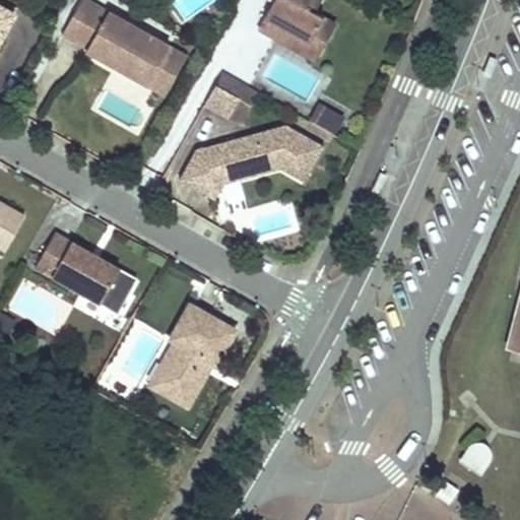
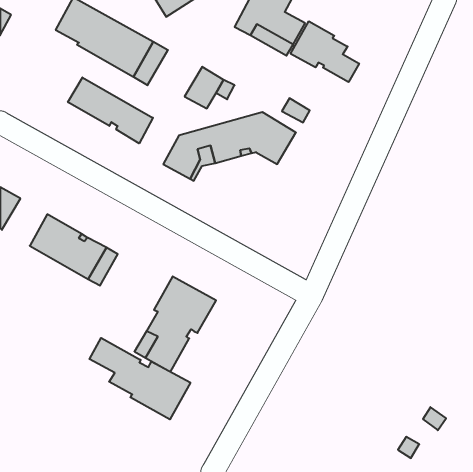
building: none -> [291,21,359,82]
building: none -> [68,77,153,143]
building: none -> [89,338,190,419]

